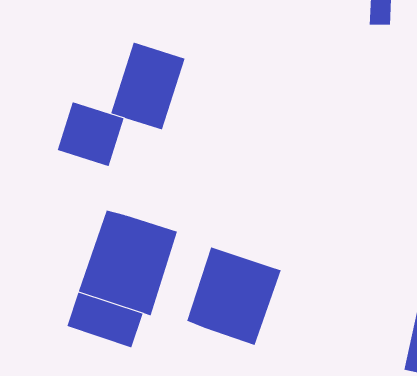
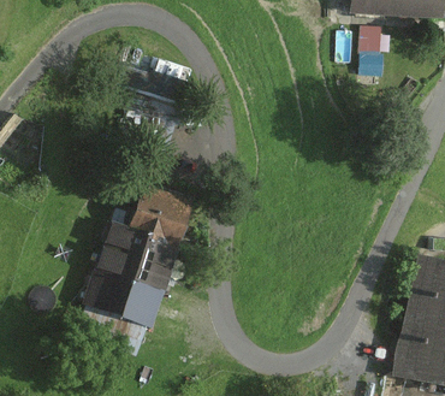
building: [57,102,125,167] -> [131,183,195,244]
building: [187,246,281,346] -> none

